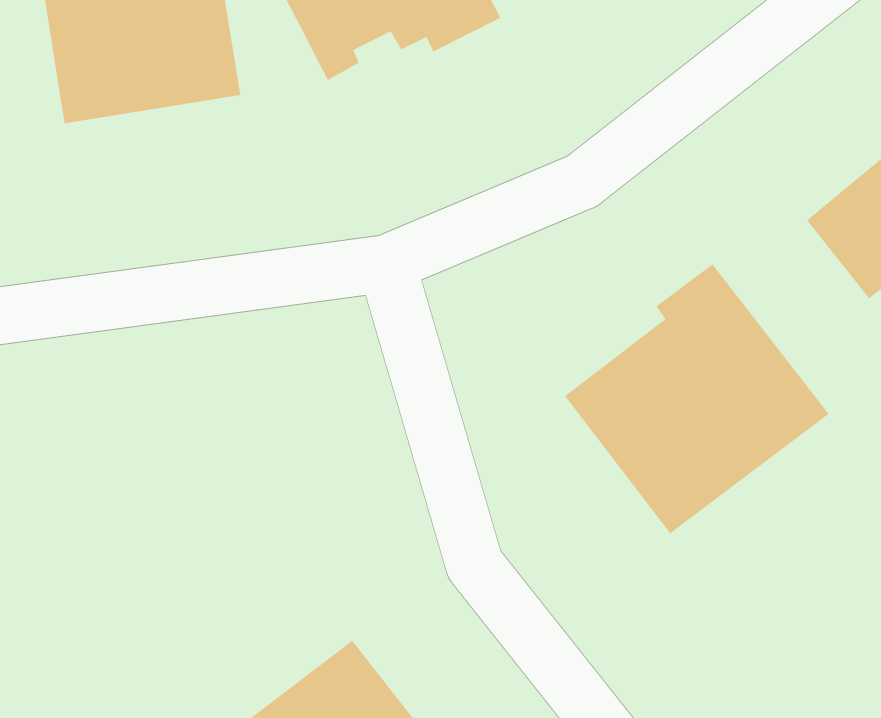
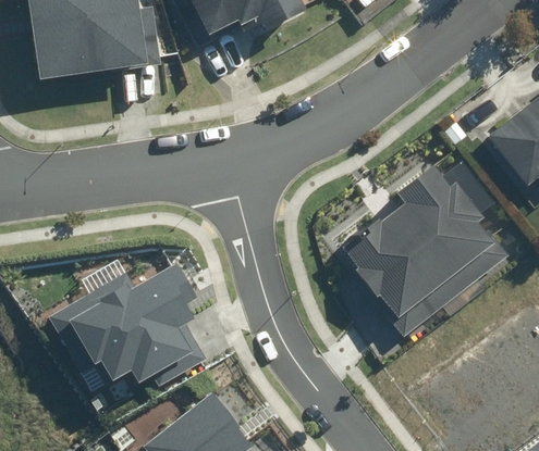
building: none -> [53,262,204,399]

